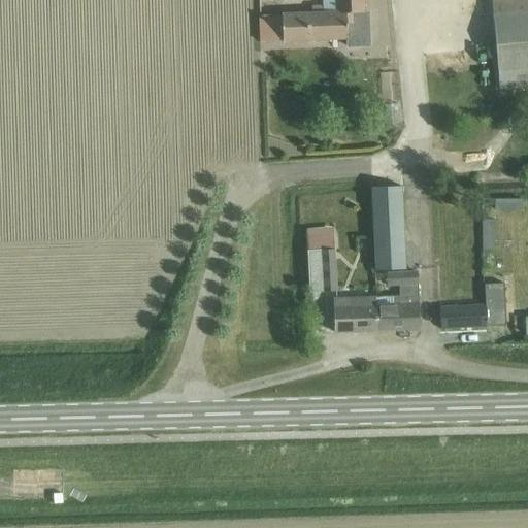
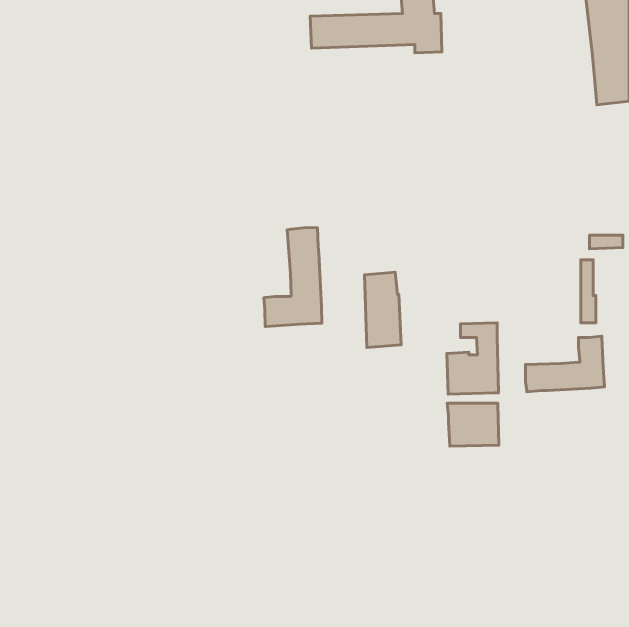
building: [374,187,402,268] -> none
building: none -> [264,228,322,326]
building: [332,295,375,331] -> [447,403,499,446]

